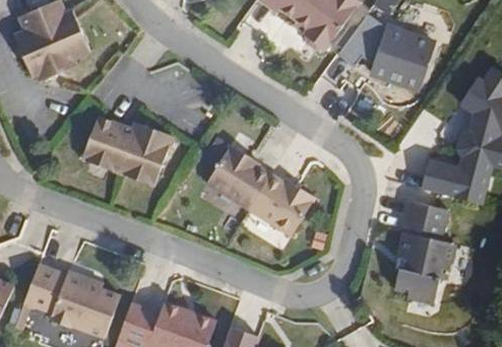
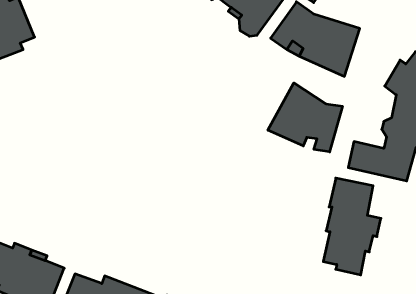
building: none -> [268,83,342,152]
building: [81,118,171,187] -> none
building: [206,146,314,236] -> none

